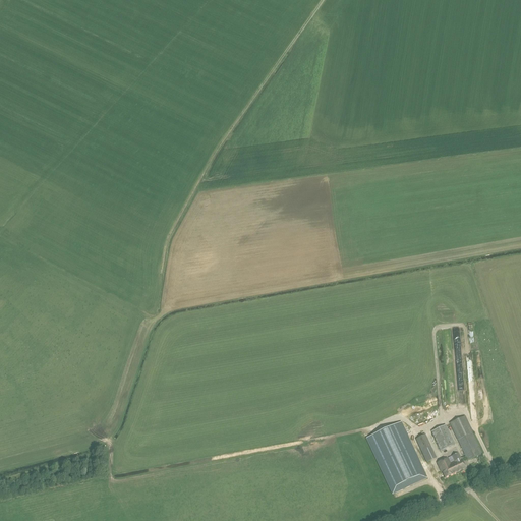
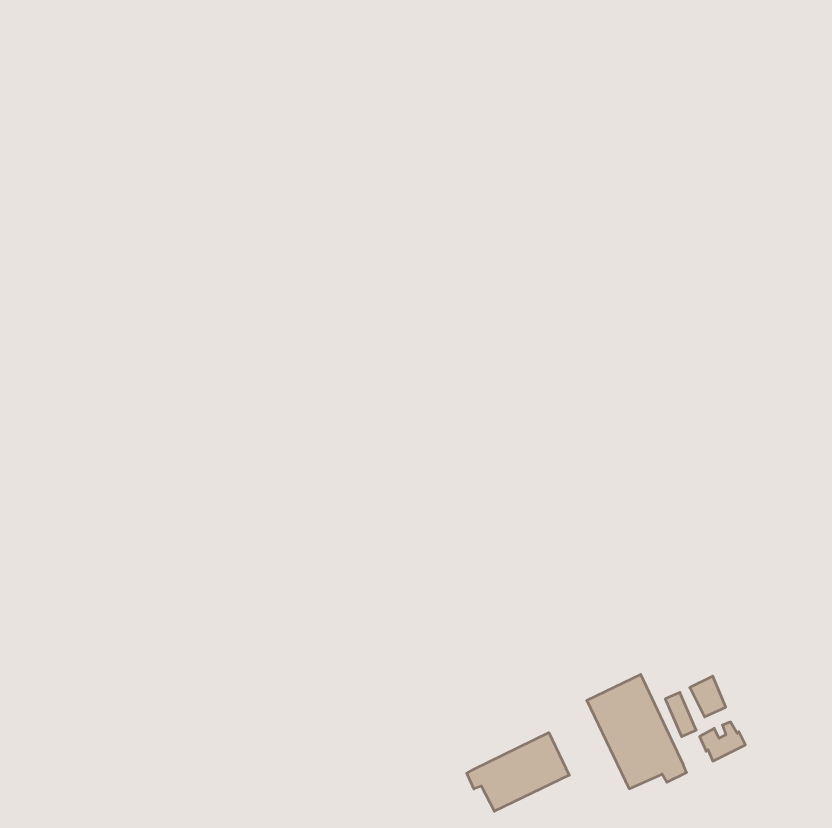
building: [449,412,480,457] -> none
building: none -> [467,733,569,811]

